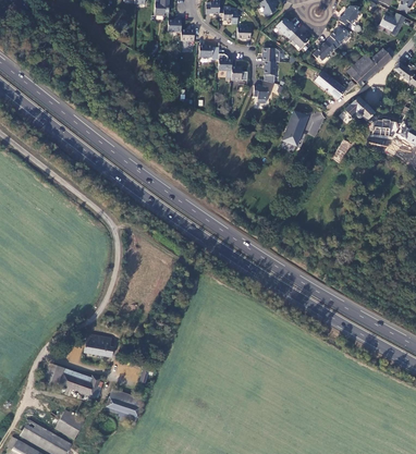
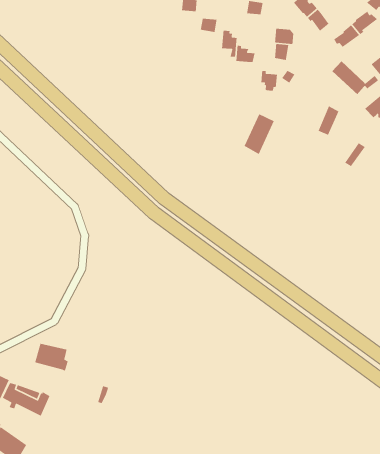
building: [282,110,307,146] -> [243,113,275,155]
building: [105,389,140,417] -> none

